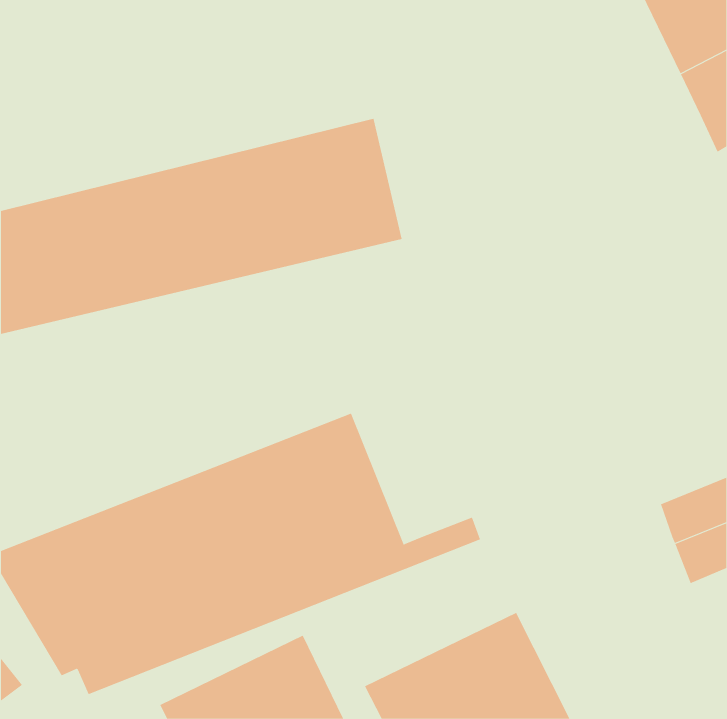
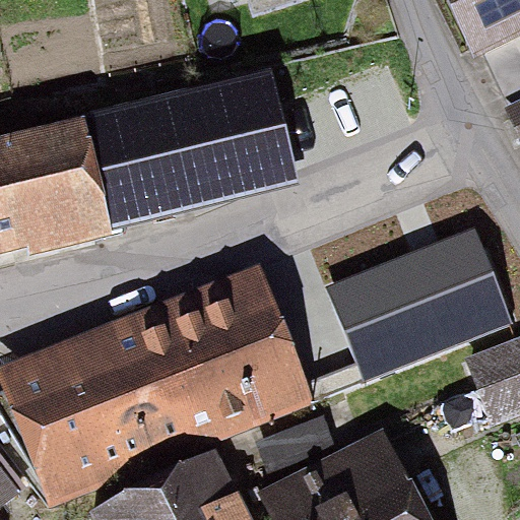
building: none -> [334,235,504,372]

